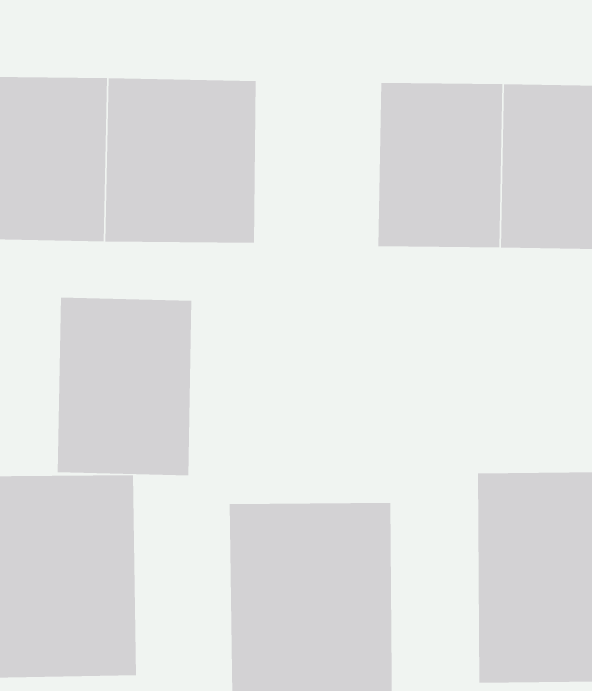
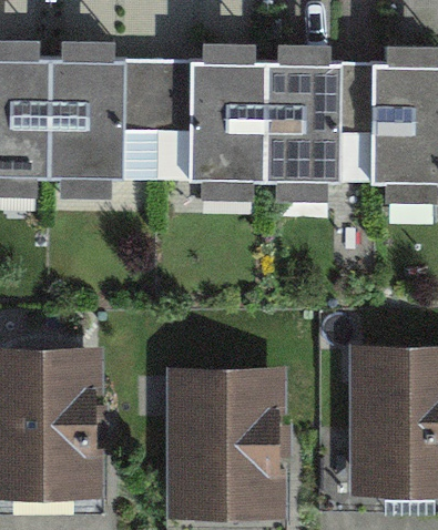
building: none -> [190,63,281,183]
building: [57,297,192,476] -> none

